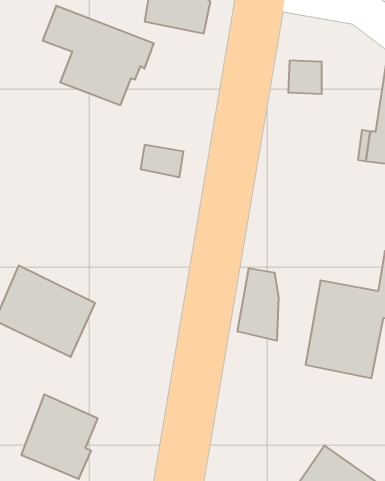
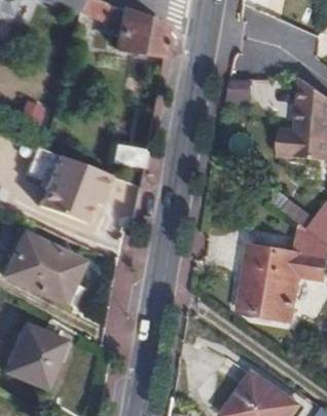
building: [43,6,154,105] -> [23,146,108,222]
building: [238,268,279,341] -> none

